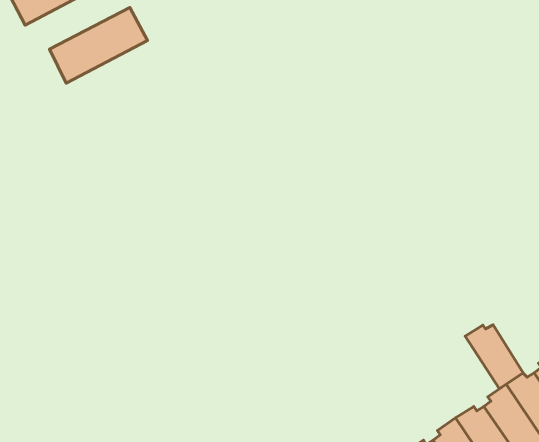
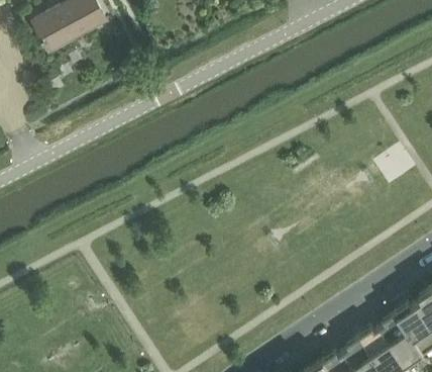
building: [49,7,148,83] -> none
building: [465,325,523,389] -> none

